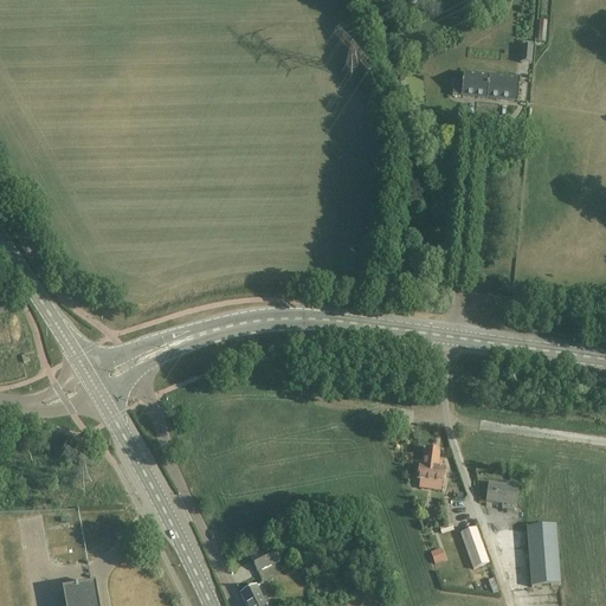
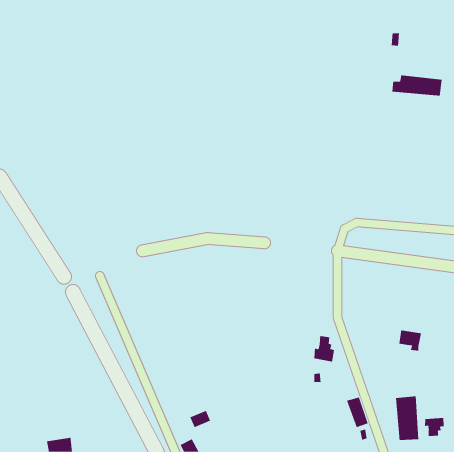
building: [451,71,518,99] -> [392,75,442,96]
building: [488,482,518,510] -> [399,330,422,351]
building: none -> [424,417,444,437]

